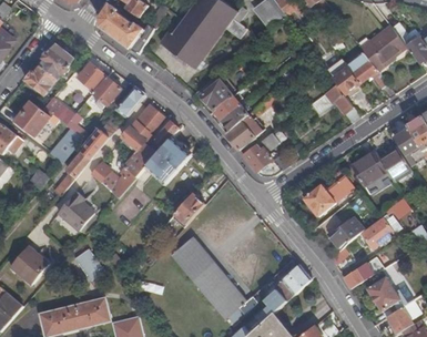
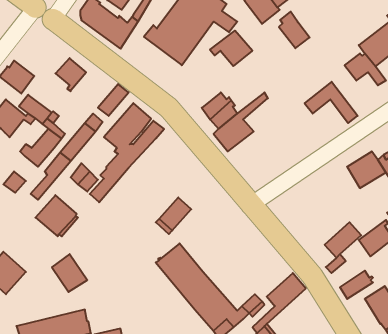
building: [38,43,73,79] -> none
building: [331,59,359,93] -> [279,12,310,48]
building: [91,75,121,105] -> none
building: [192,75,232,109] -> [210,31,252,66]
building: [243,132,288,175] -> none
building: [145,137,191,183] -> none
building: [305,170,354,215] -> none

